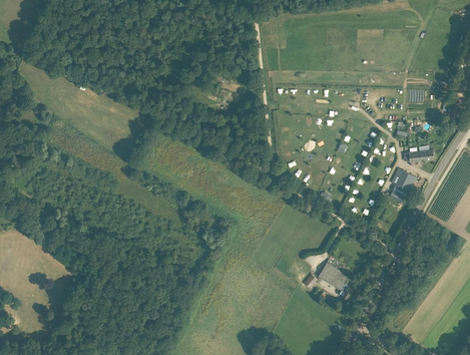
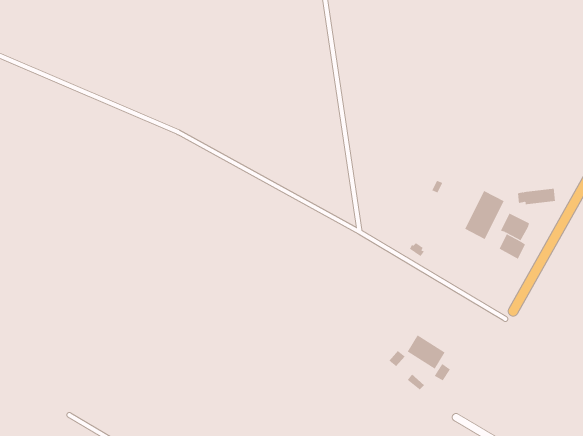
building: none -> [464,190,504,240]

